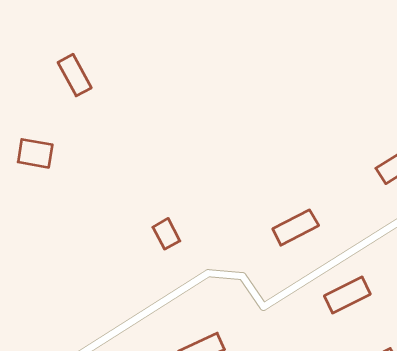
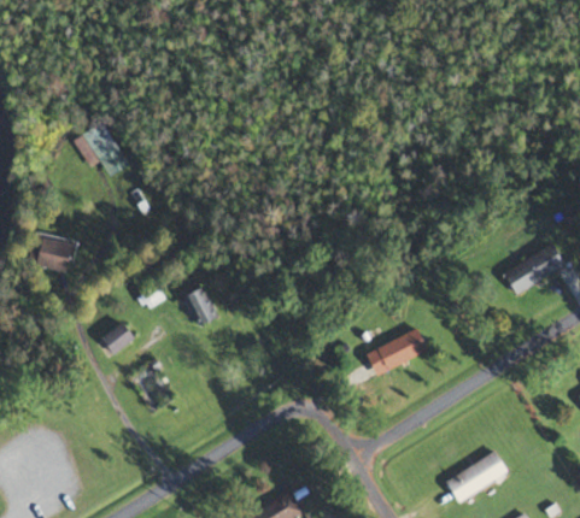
building: none -> [101,323,135,355]
building: [153,218,180,249] -> [181,288,217,329]
building: [324,277,370,313] -> [446,453,508,501]

